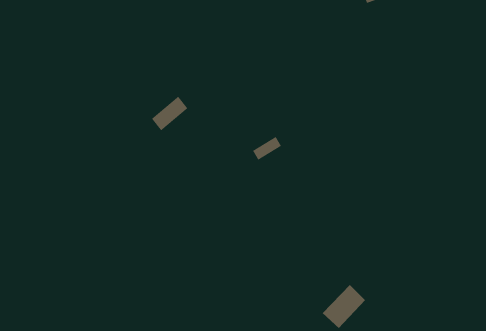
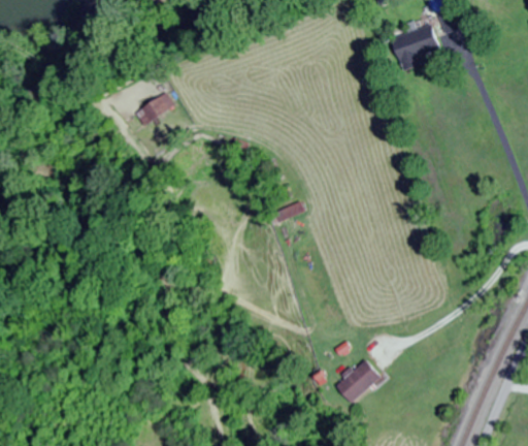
building: [151,96,188,131] -> [135,91,174,126]

